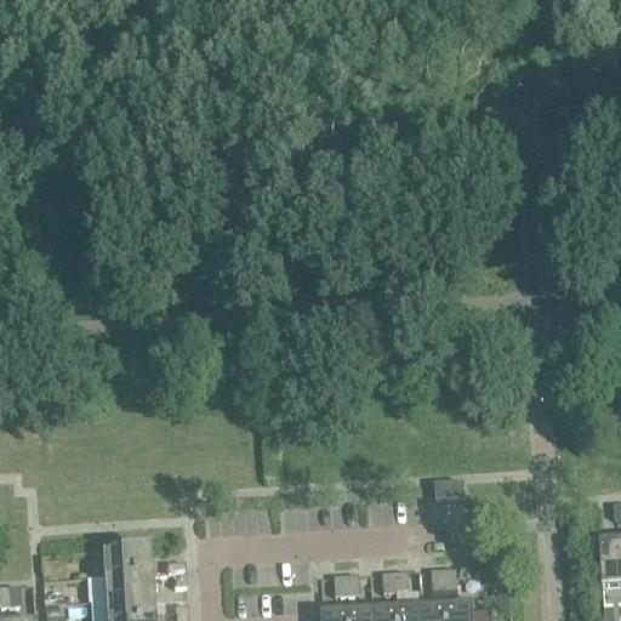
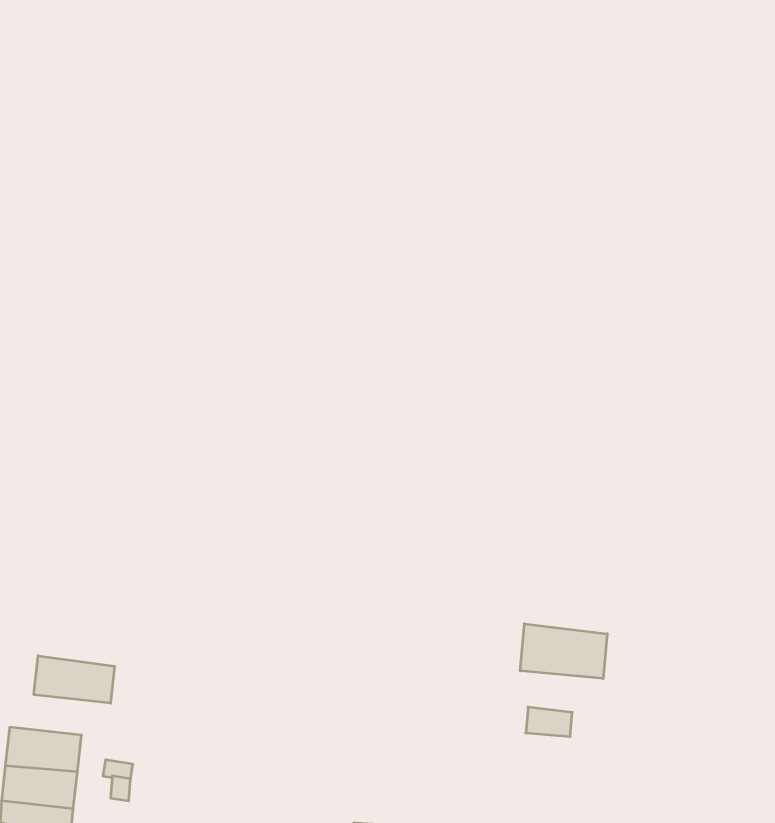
building: none -> [520,624,607,679]
building: none -> [34,656,115,703]

